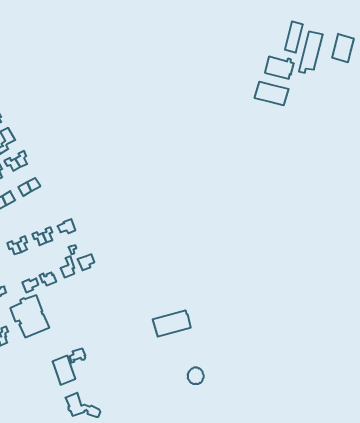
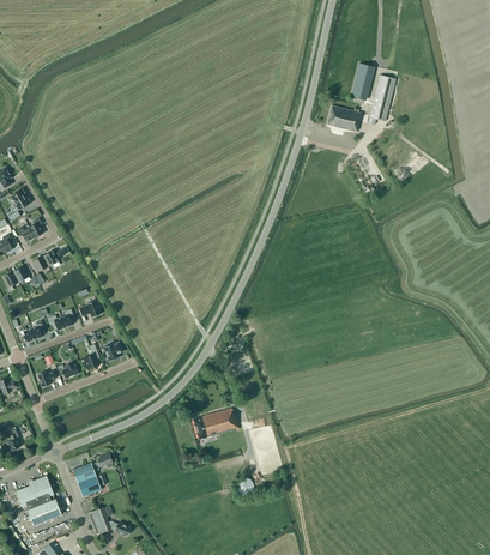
building: [332,34,354,62] -> none
building: [255,82,289,105] -> none
building: [10,295,49,337] -> [14,476,61,526]

